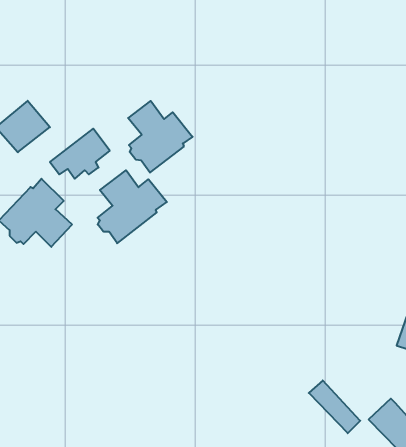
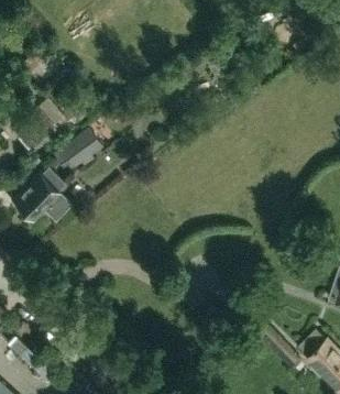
building: [128,101,193,173] -> none
building: [98,170,167,243] -> none

